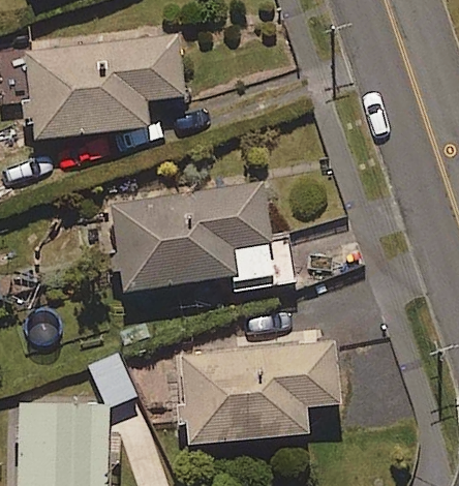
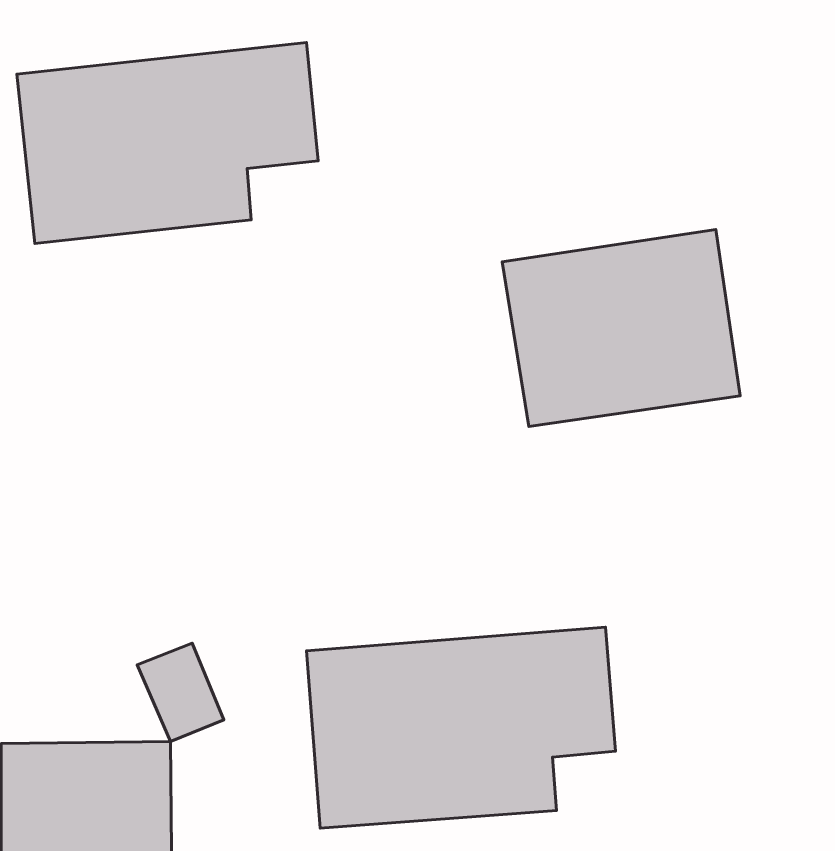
building: none -> [502,229,740,426]
building: [113,179,294,292] -> none

